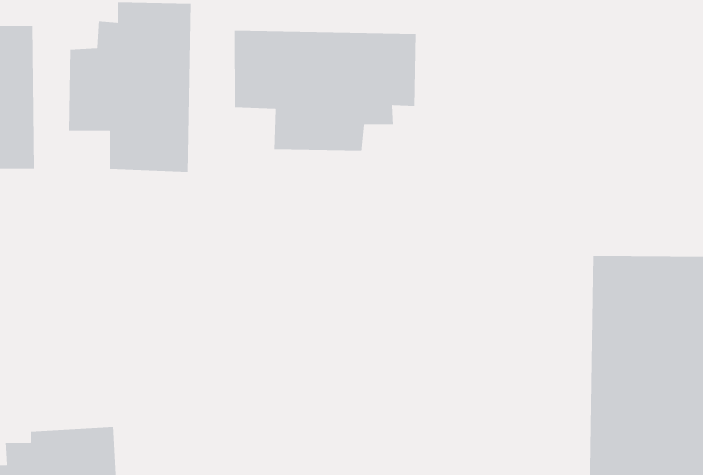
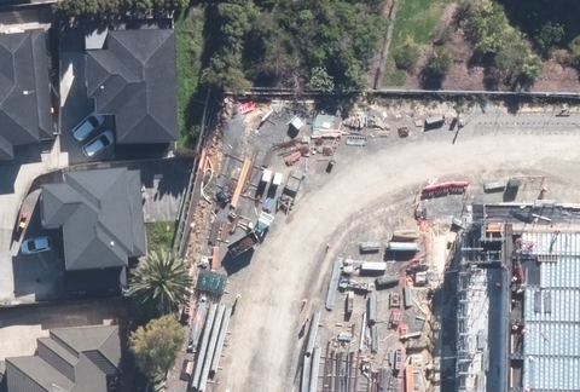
building: [234,30,416,152] -> none
building: none -> [39,173,144,278]

